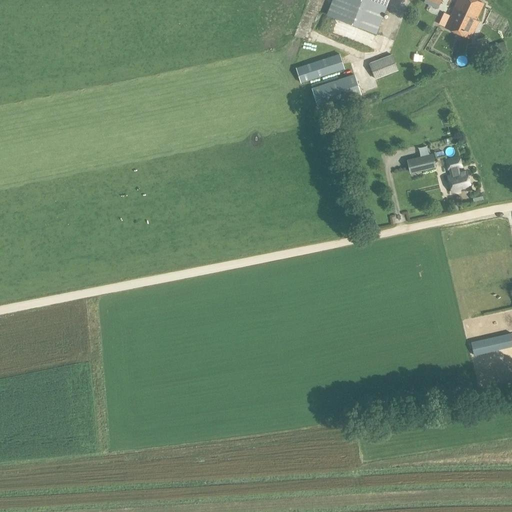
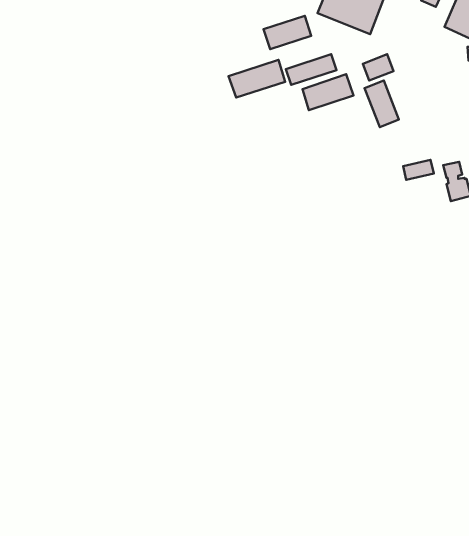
building: none -> [264,16,311,49]
building: none -> [228,60,285,98]
building: none -> [365,81,399,127]

